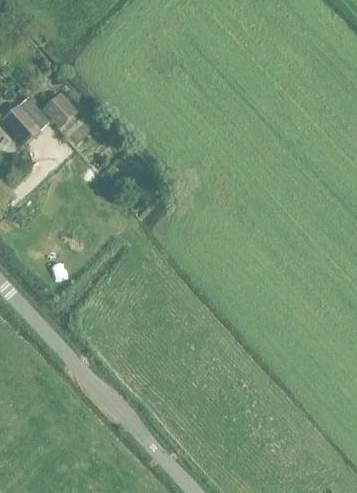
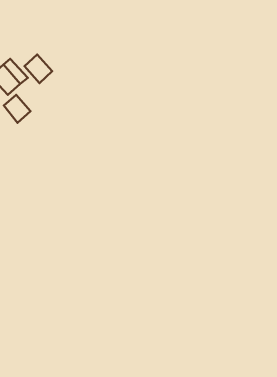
building: none -> [4,95,31,123]

